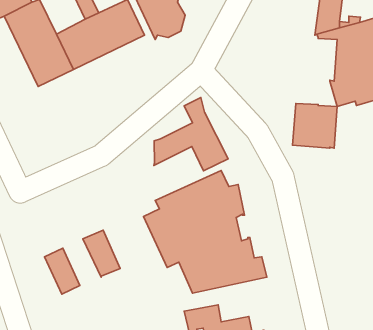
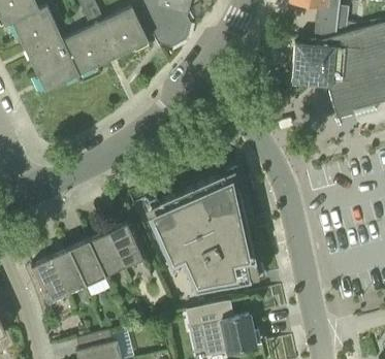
building: [154,98,228,171] -> none
building: [293,103,337,148] -> [292,44,335,88]
building: none -> [108,224,143,269]
building: none -> [69,240,106,287]
building: none -> [33,258,68,303]

